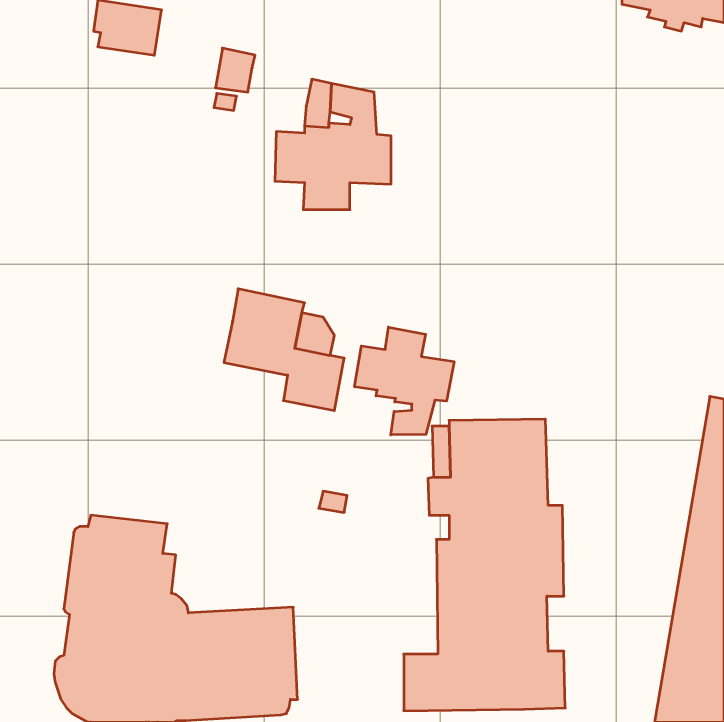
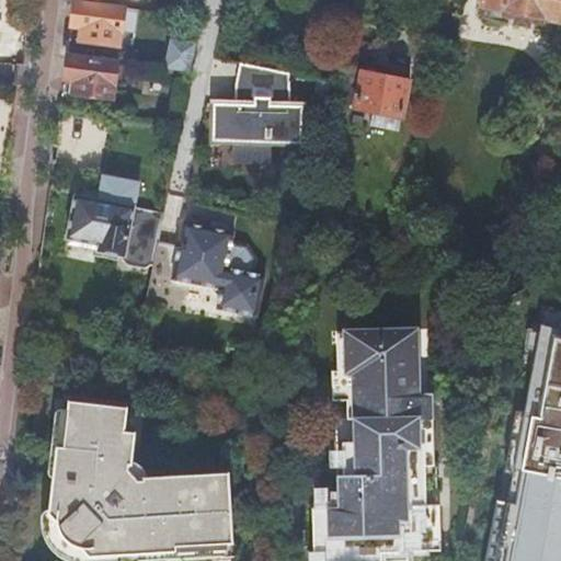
building: none -> [66,54,117,96]
building: none -> [353,68,410,116]
building: none -> [68,180,163,267]
building: [355,327,454,435] -> none

